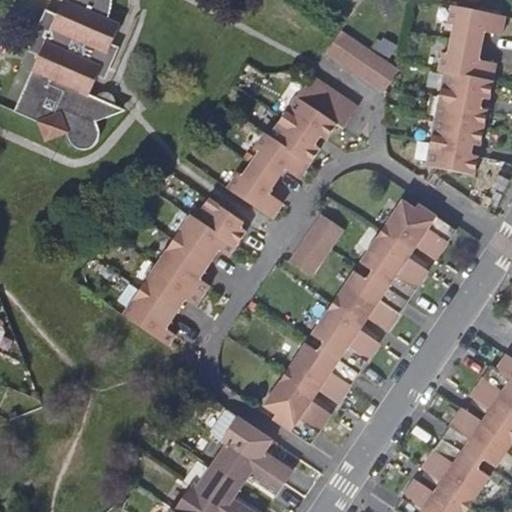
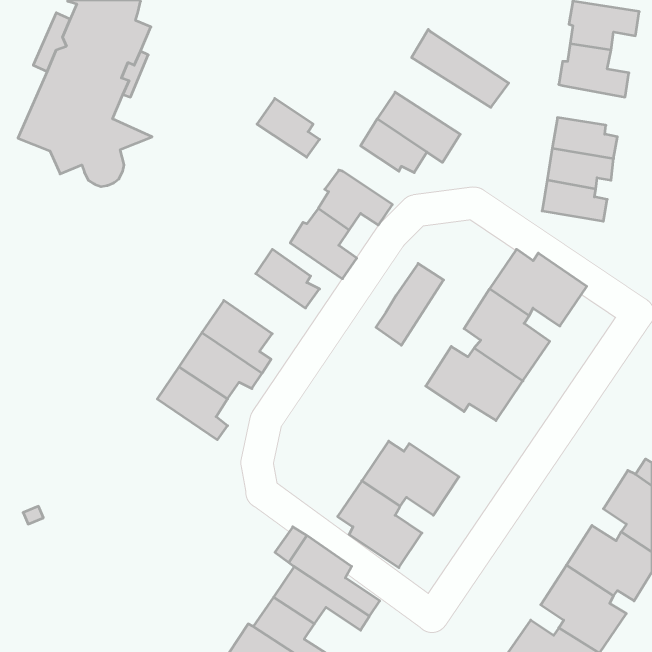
building: [436,68,489,99] -> none
building: [268,115,317,161] -> [257,98,320,157]
building: [175,210,239,262] -> none
building: [313,303,380,374] -> none

